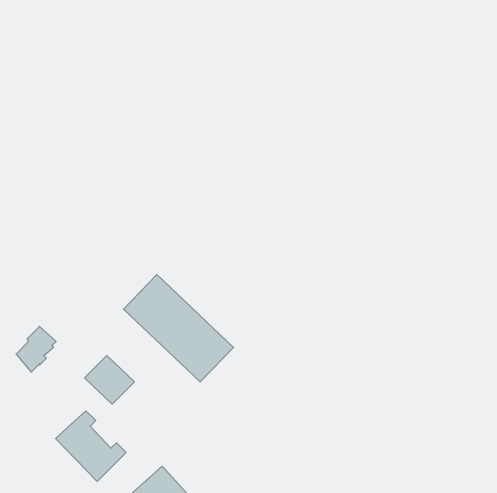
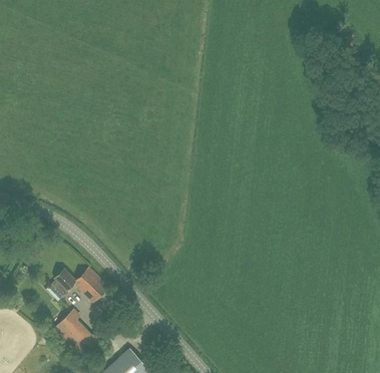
building: [123,275,234,382] -> none
building: [16,326,56,372] -> [47,270,76,303]

